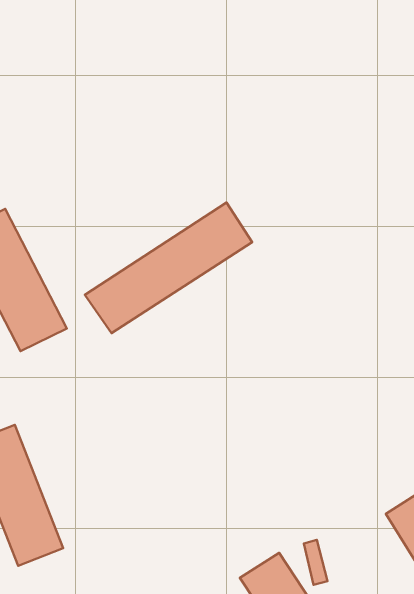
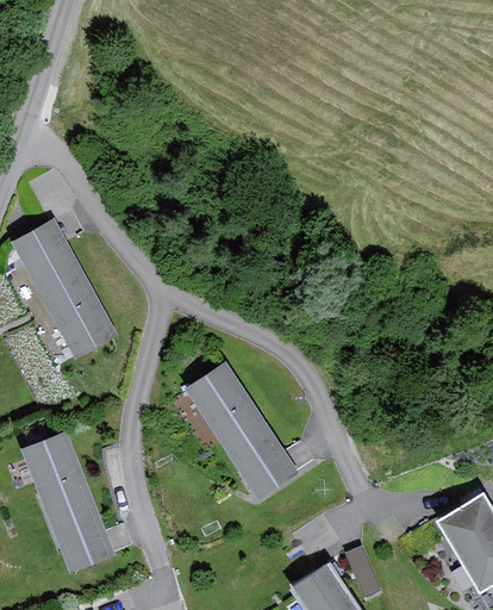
building: [85,203,252,333] -> none
building: none -> [182,361,298,500]

